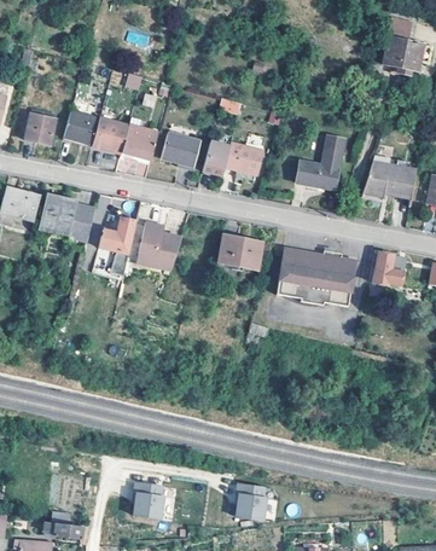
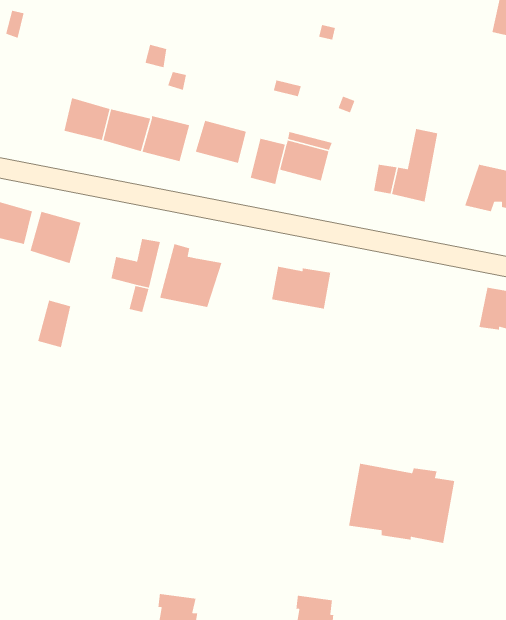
building: [25,112,57,144] -> none
building: [69,204,94,240] -> [37,299,71,348]
building: [275,245,355,306] -> [348,463,455,544]

